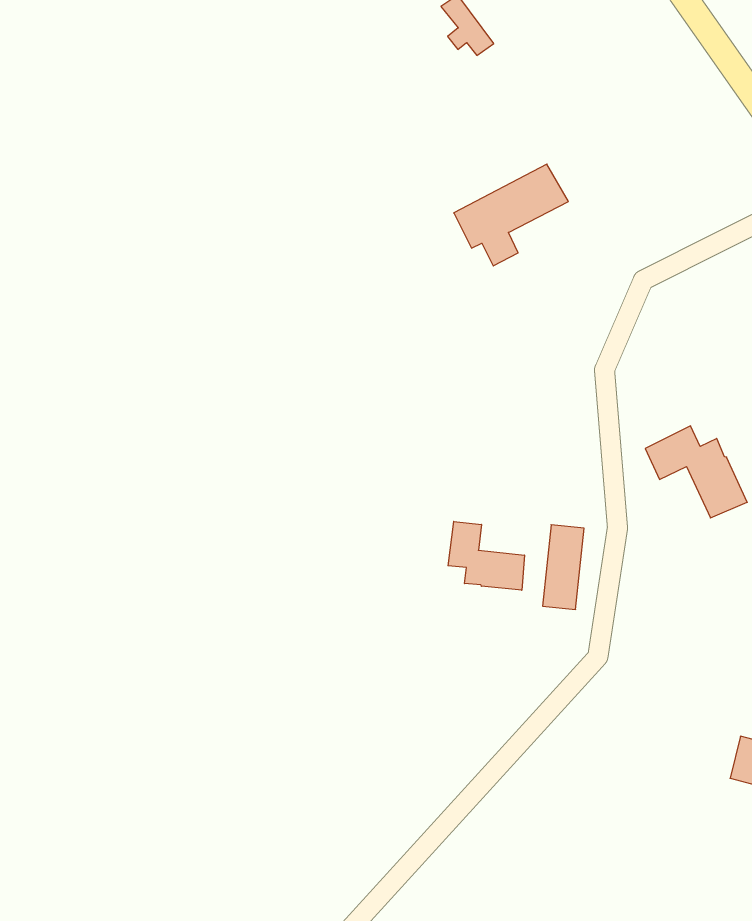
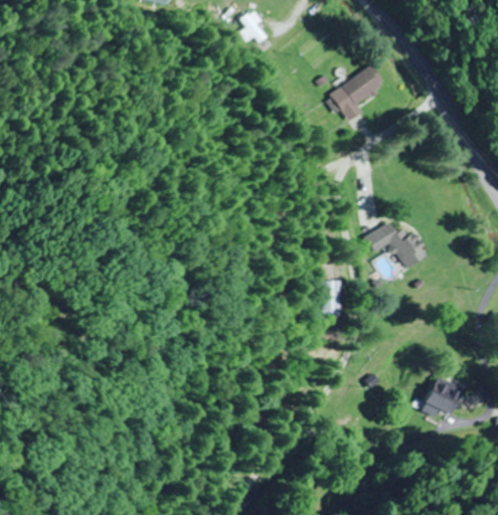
building: [454,164,568,266] -> [325,66,383,122]
building: [448,521,524,590] -> none

